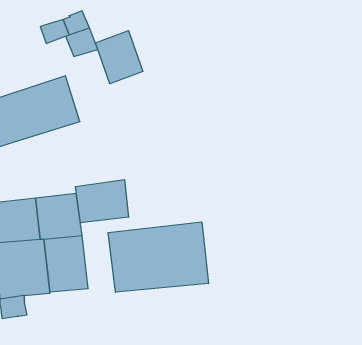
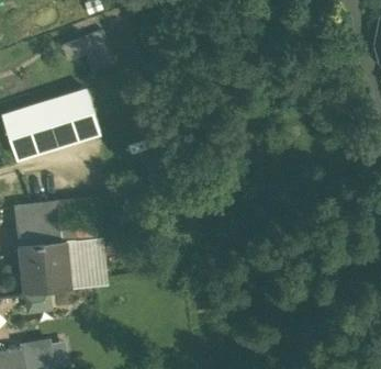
building: [96,31,143,84] -> none
building: [75,180,128,223] -> none
building: [108,222,209,292] -> none

